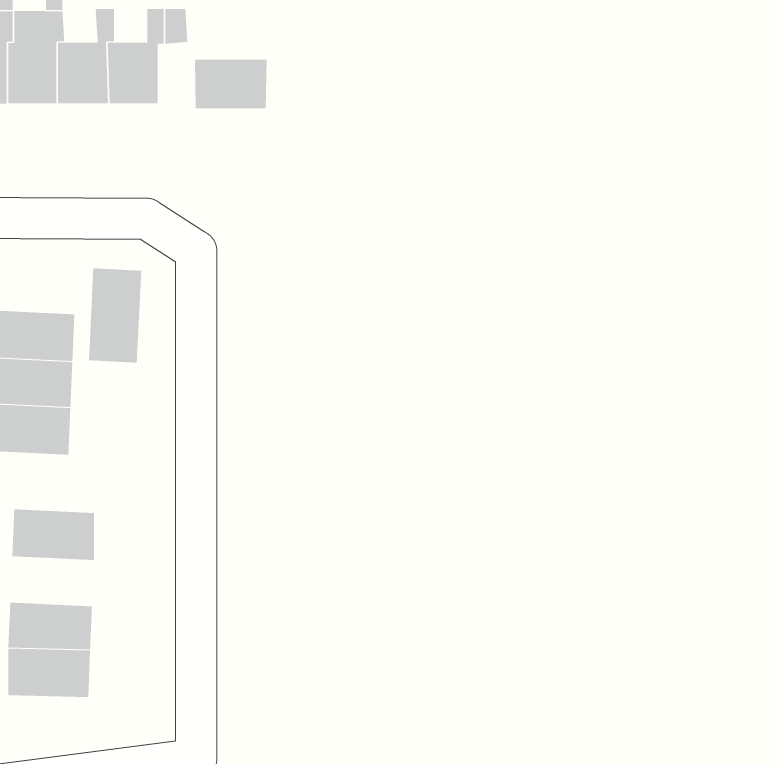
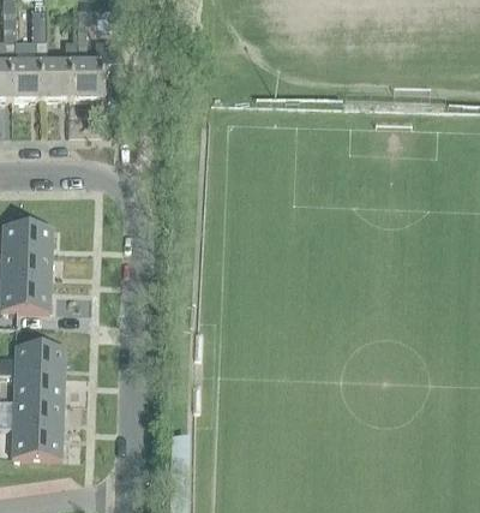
building: [194,59,267,109] -> none
building: [88,268,142,363] -> none
building: none -> [12,370,64,400]

